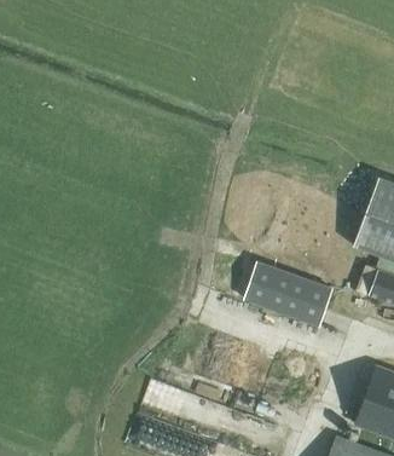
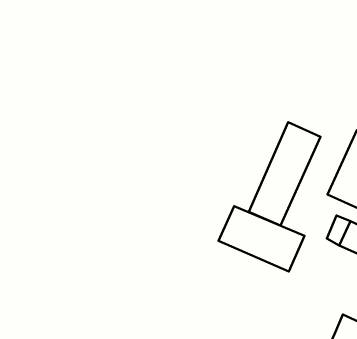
building: none -> [249,122,321,226]

